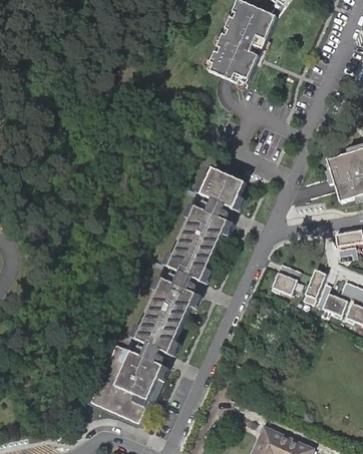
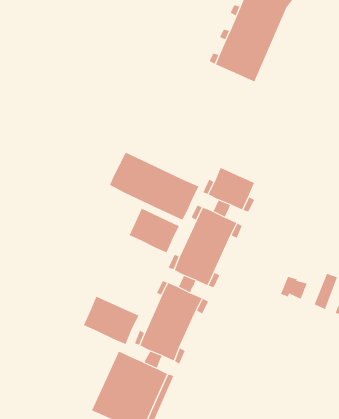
building: none -> [109,152,199,220]
building: none -> [129,208,180,253]
building: none -> [83,296,139,345]

